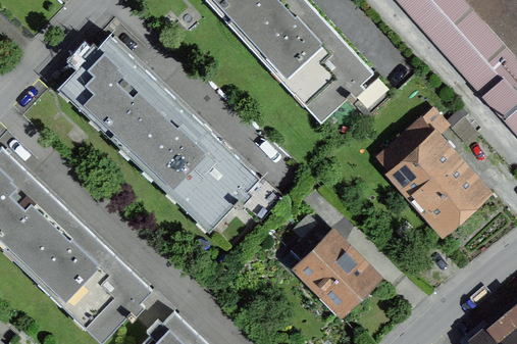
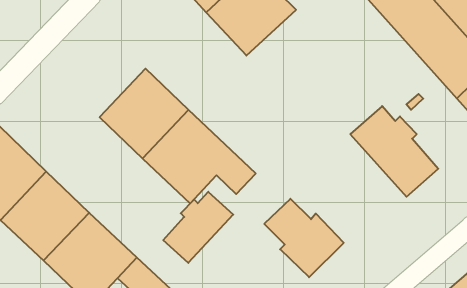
building: [270,19,394,122] -> none
building: [58,35,160,137] -> none
building: none -> [163,192,233,263]

